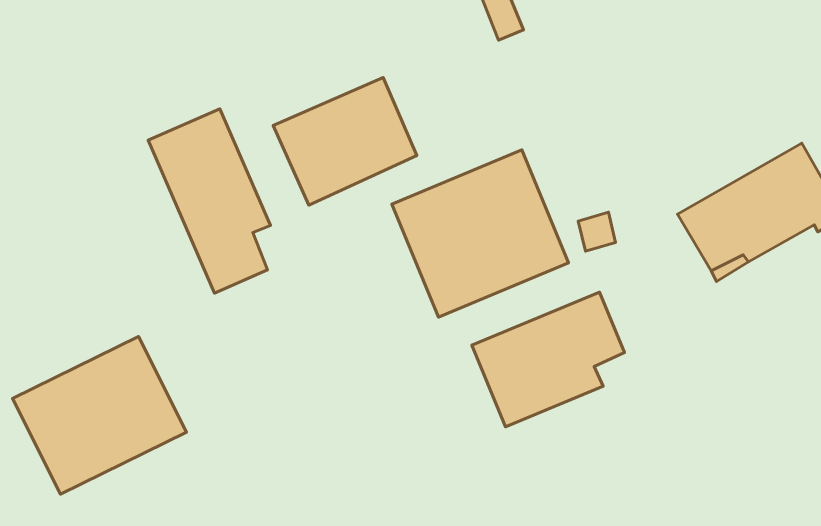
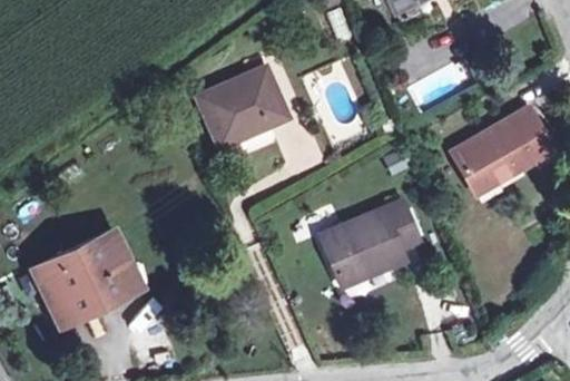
building: [148,109,270,293] -> none
building: [392,150,568,317] -> none

